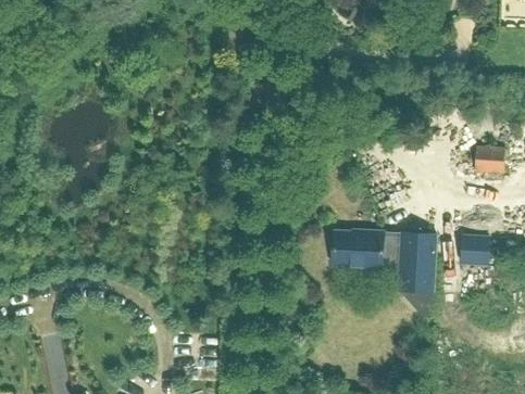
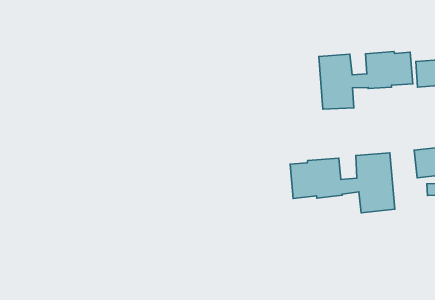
building: none -> [319,51,413,109]

